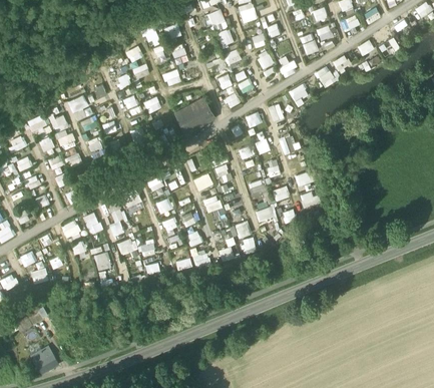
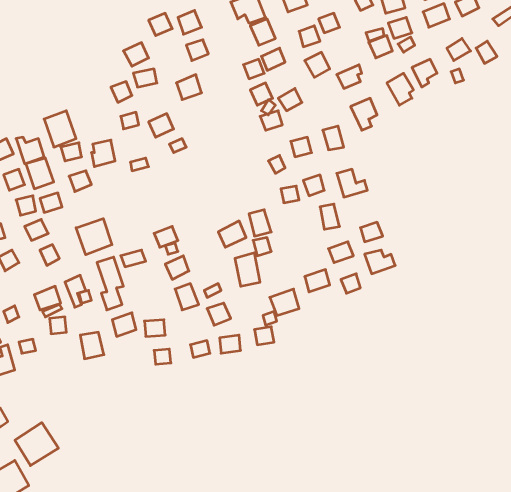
building: [175,99,212,133] -> none
building: none -> [76,219,112,255]
building: none -> [15,423,58,466]

